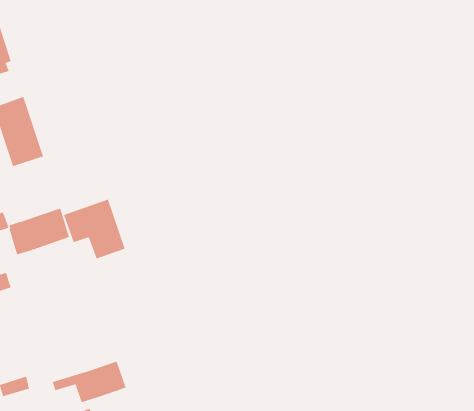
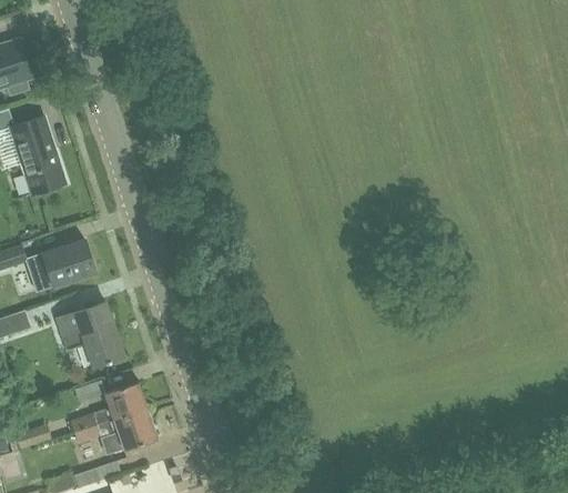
building: [63,199,125,259] -> [54,300,123,366]
building: none -> [70,381,145,431]

